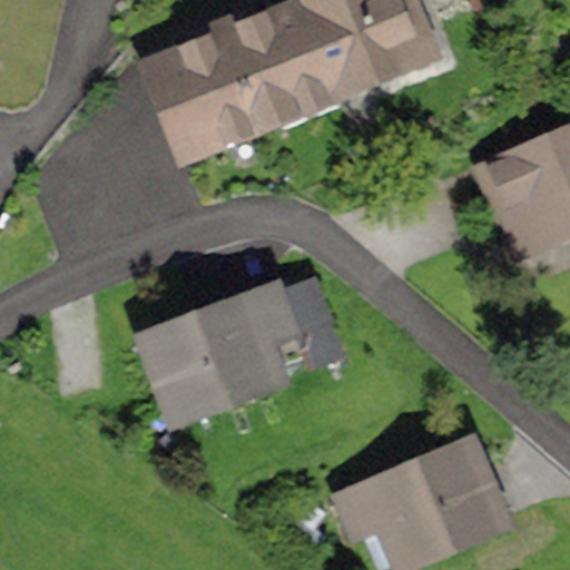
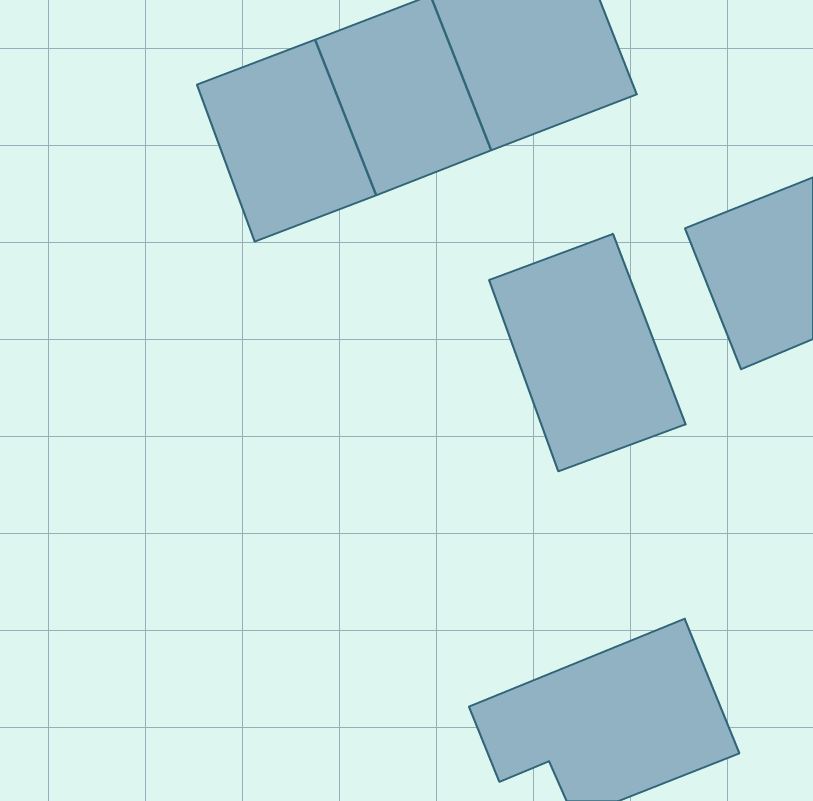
building: none -> [489,234,686,471]
building: [130,273,344,435] -> none

